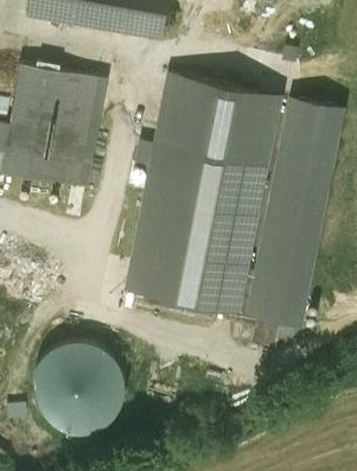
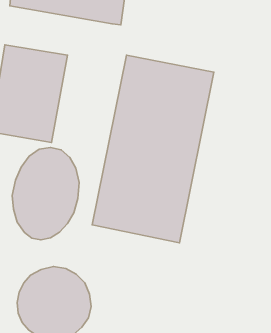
building: [250,98,340,323] -> none
building: none -> [12,148,79,240]

